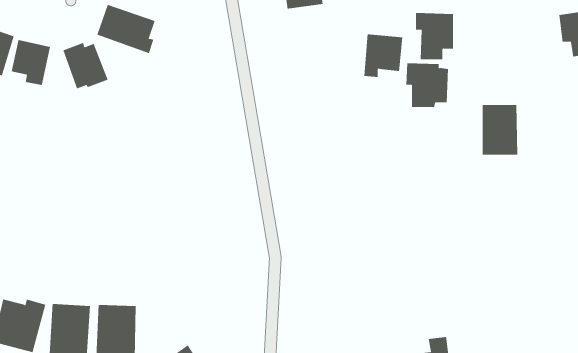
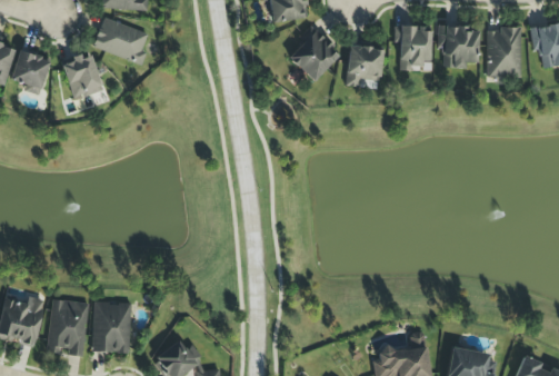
building: none -> [289,24,341,81]
building: [405,63,449,108] -> [438,24,479,67]
building: [482,104,518,155] -> [488,28,522,76]

